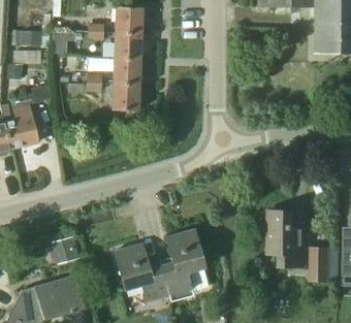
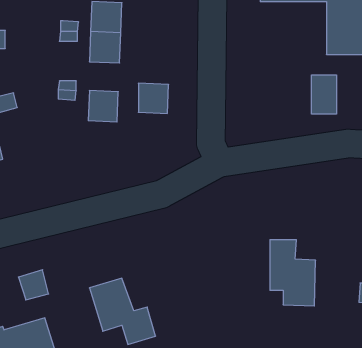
building: [113,59,138,85] -> [138,83,169,113]
building: none -> [312,75,336,114]
building: [162,230,206,294] -> none
building: [312,249,329,282] -> none

